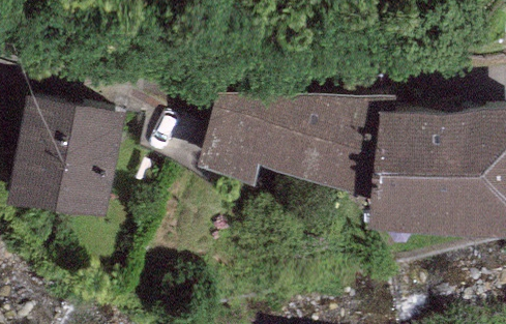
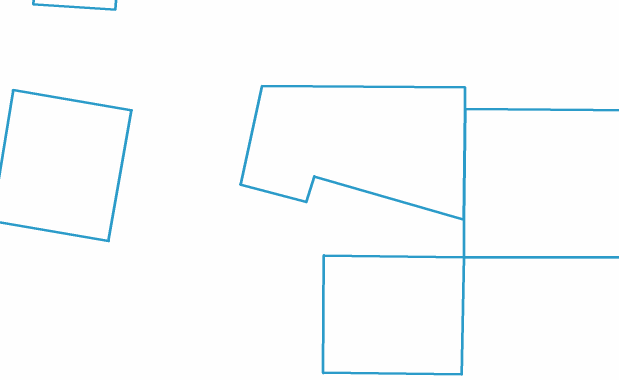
building: none -> [323,255,464,374]

